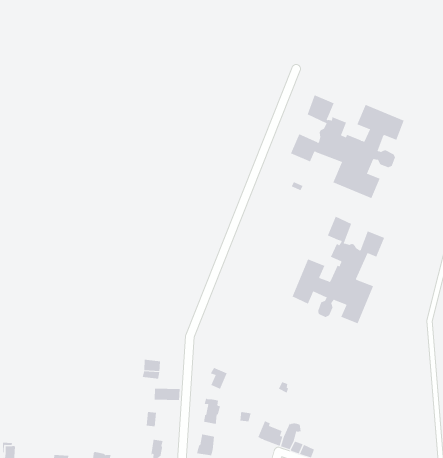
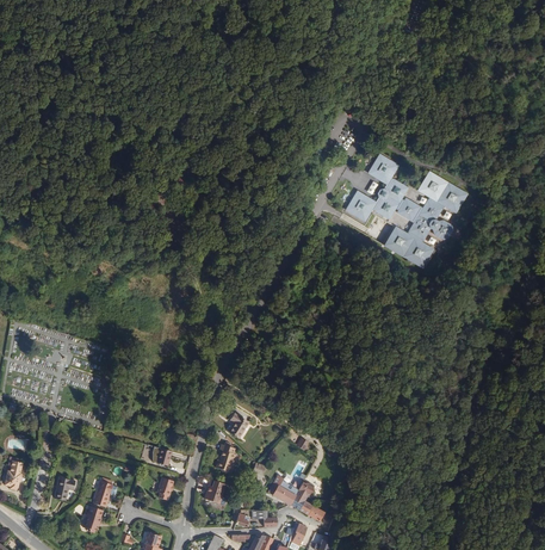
building: [292,216,385,324] -> none

